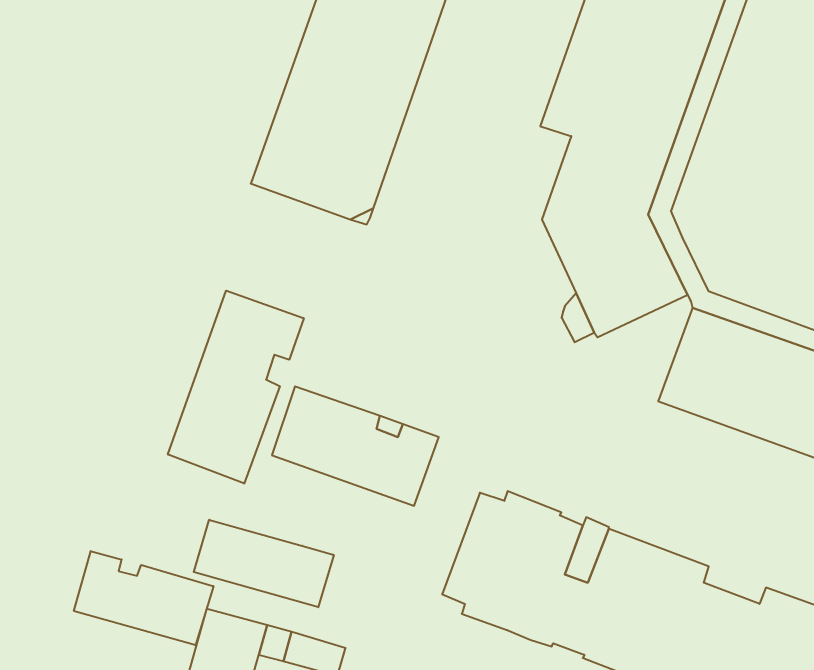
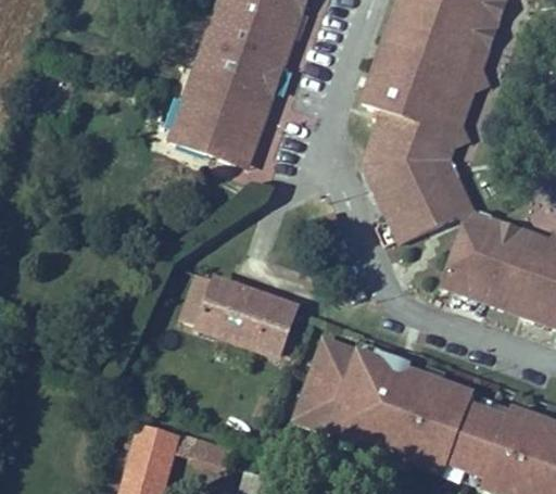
building: [168,291,304,484] -> none
building: [194,520,334,607] -> none
building: [74,551,213,645] -> none

